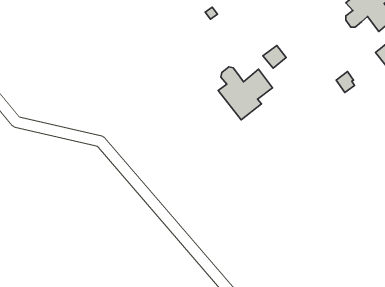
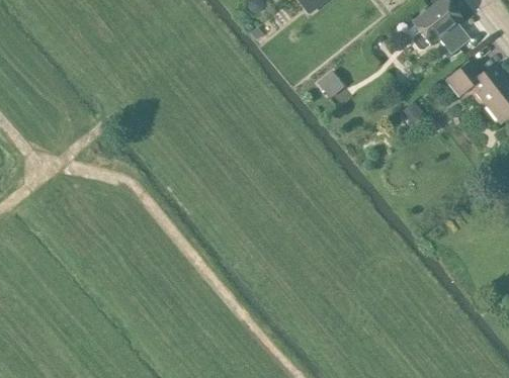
building: [218,67,272,120] -> none

